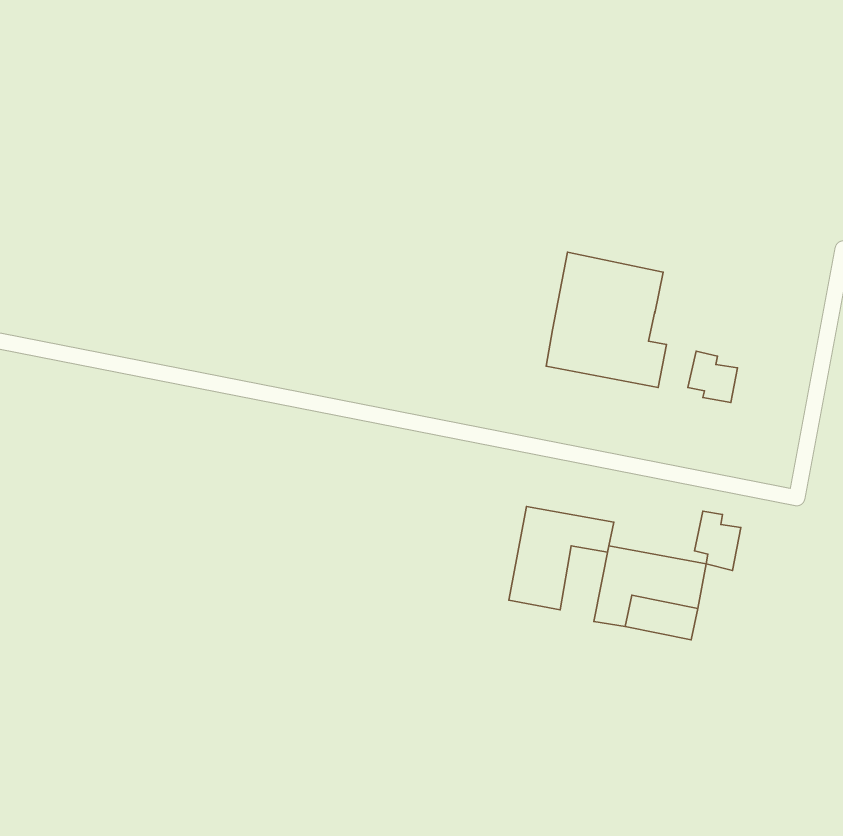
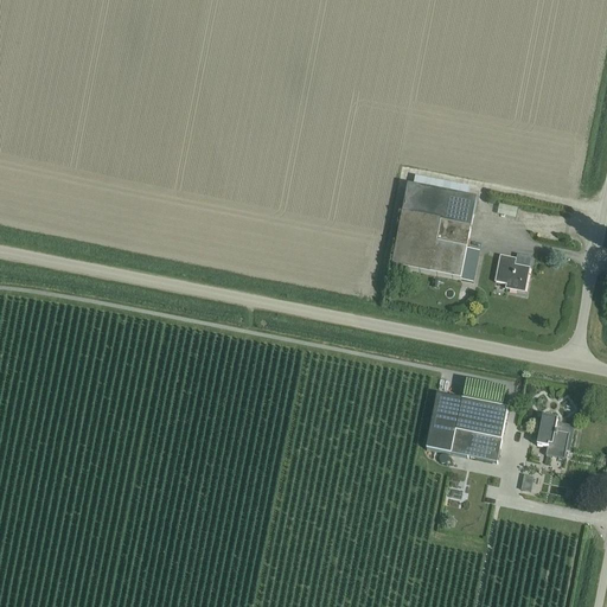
building: [509,507,614,610] -> none
building: [695,511,741,571] -> [537,414,570,456]

